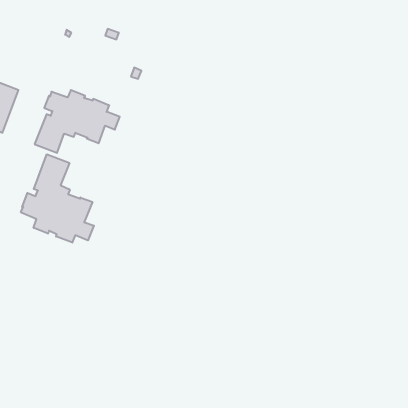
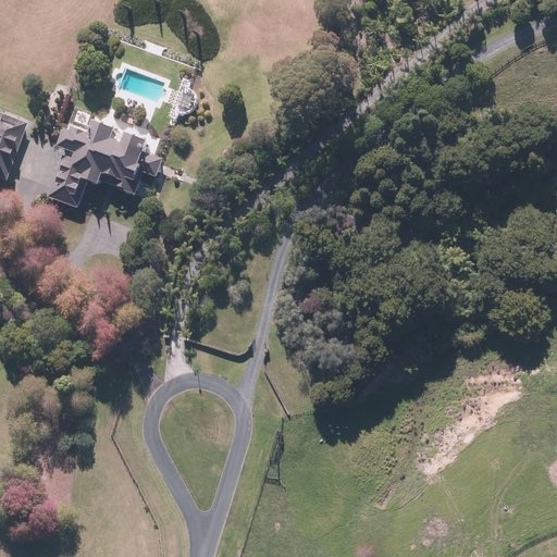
building: [21,154,94,243] -> none

